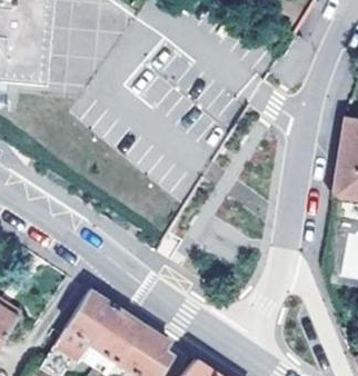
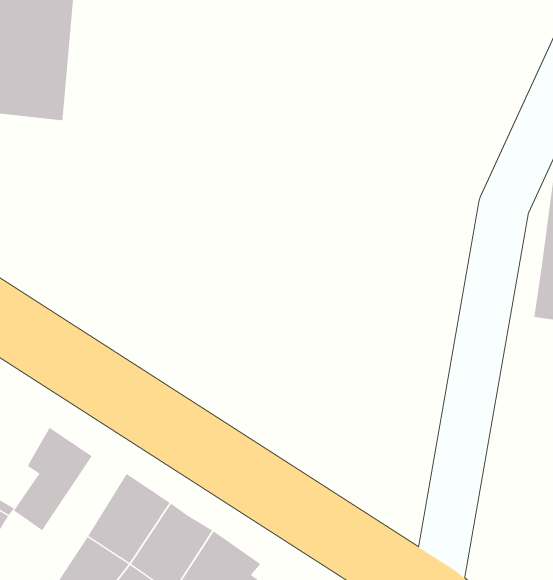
building: none -> [13,427,92,531]

